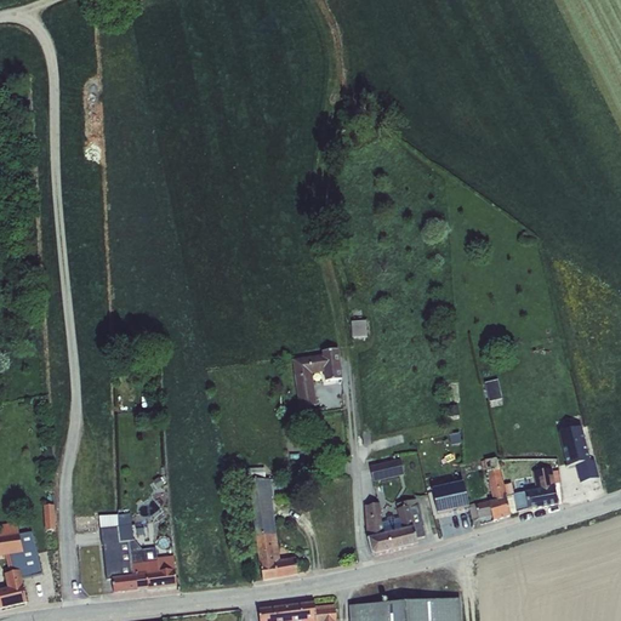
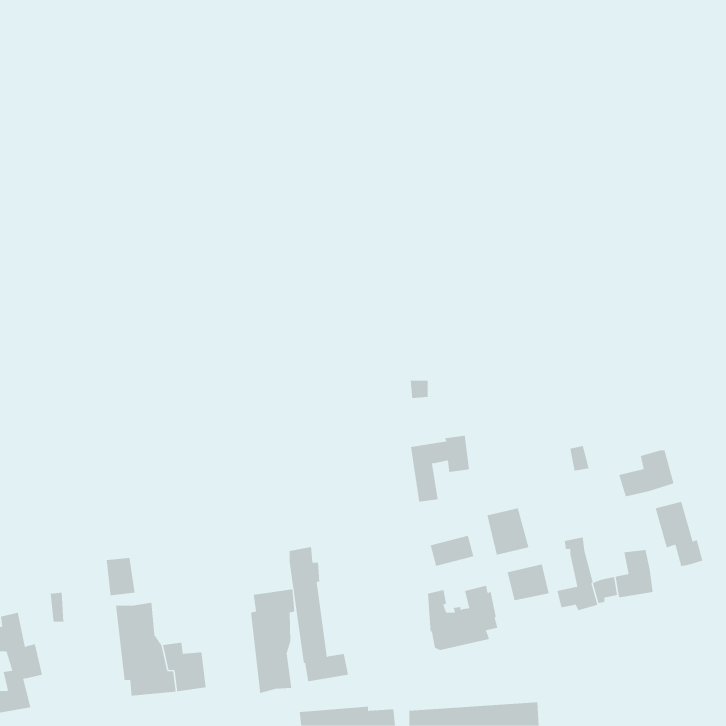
building: [291,349,342,406] -> [410,435,470,502]
building: none -> [618,449,674,497]
building: none -> [487,508,529,556]
building: none -> [106,557,135,596]
building: none -> [251,589,295,694]

